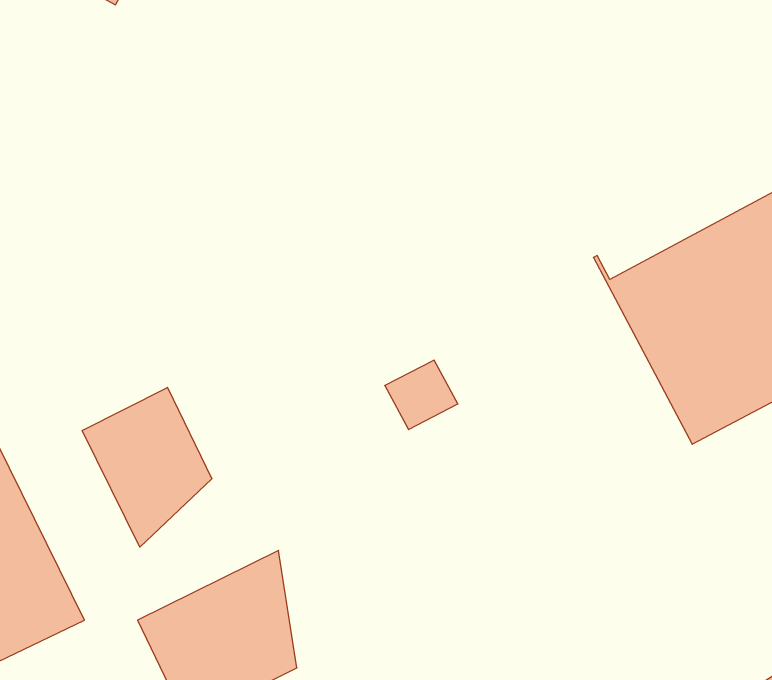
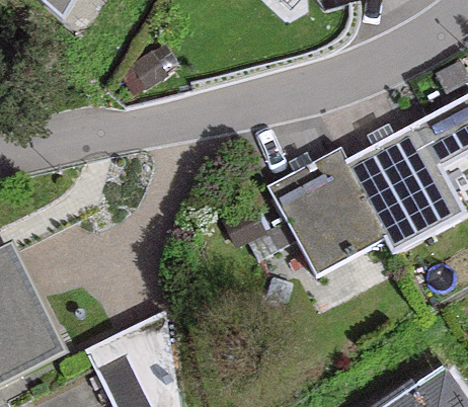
building: none -> [266,148,392,275]
building: [82,387,212,547] -> none

